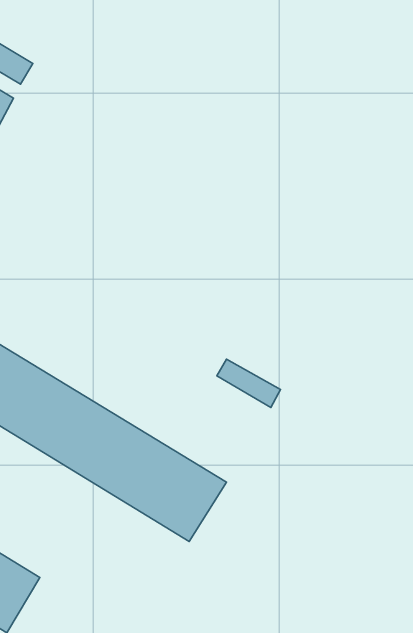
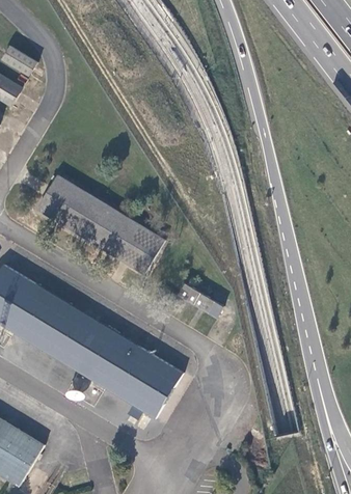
building: none -> [33,173,163,275]

